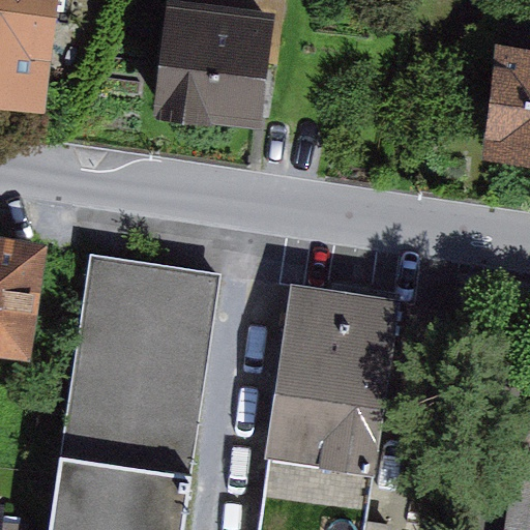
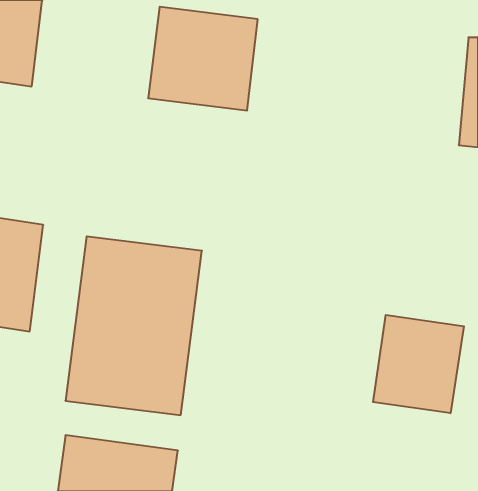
building: [255,289,380,481] -> none
building: none -> [373,315,464,413]

